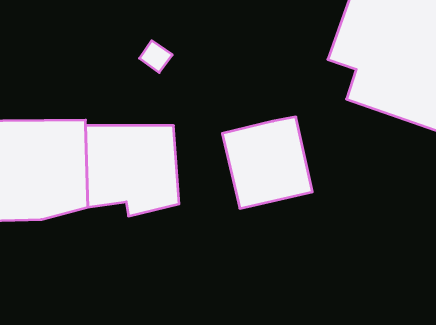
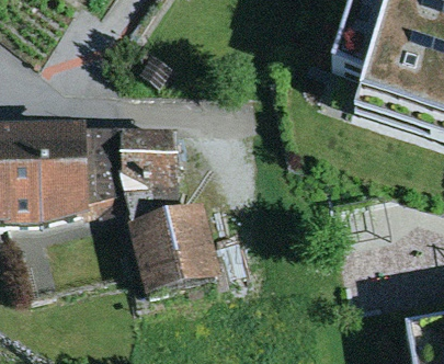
building: [222,117,312,208] -> [134,203,224,294]

